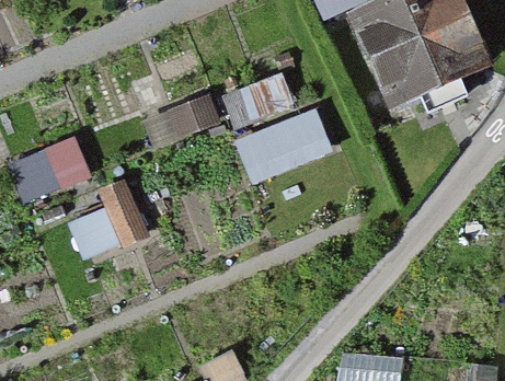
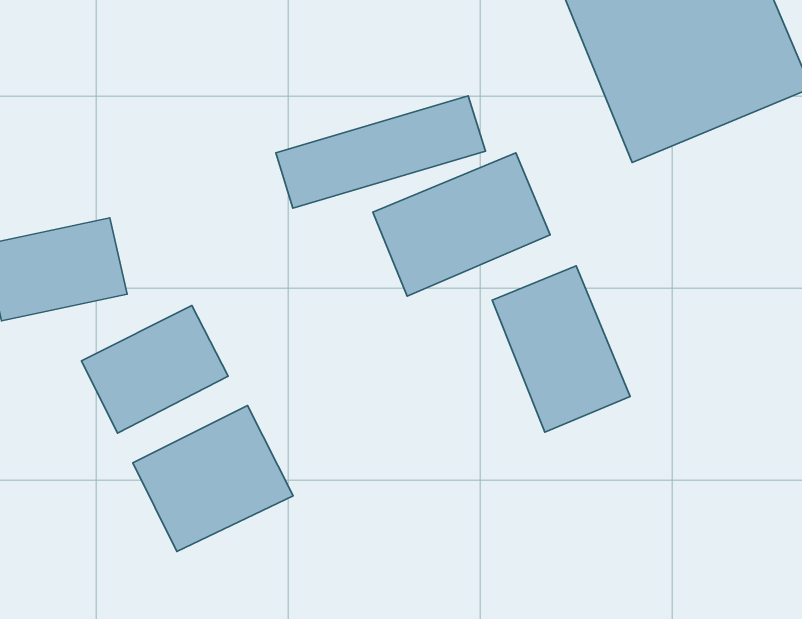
building: none -> [492,266,630,432]
building: none -> [133,405,293,552]

